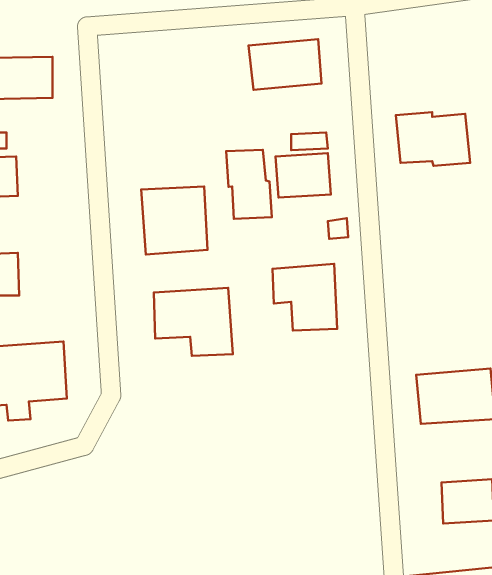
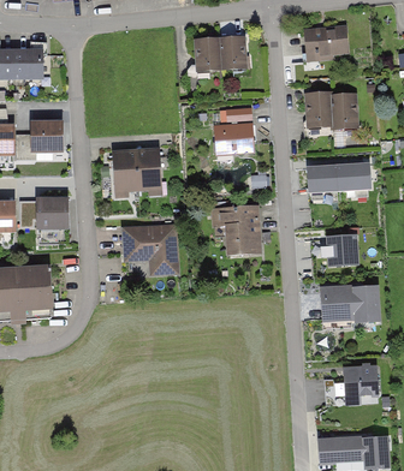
building: none -> [302,22,350,62]
building: [226,150,272,219] -> none
building: none -> [32,120,65,153]
building: none -> [305,161,370,192]
building: none -> [36,197,70,229]
building: none -> [325,233,358,267]

